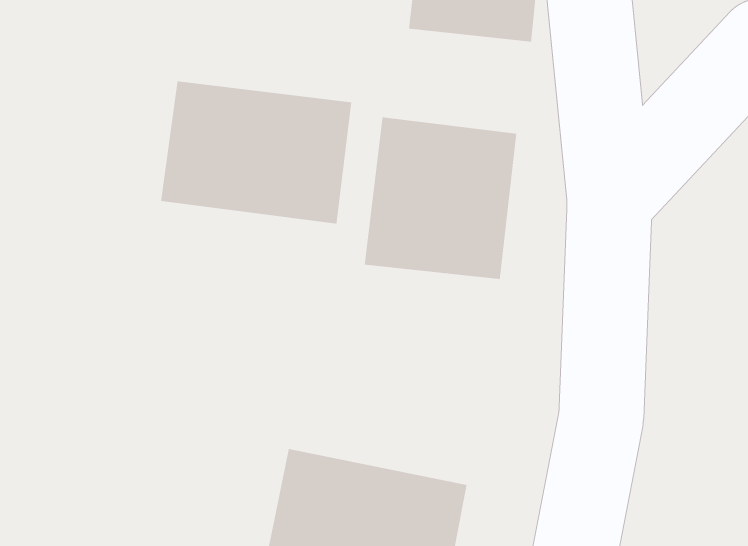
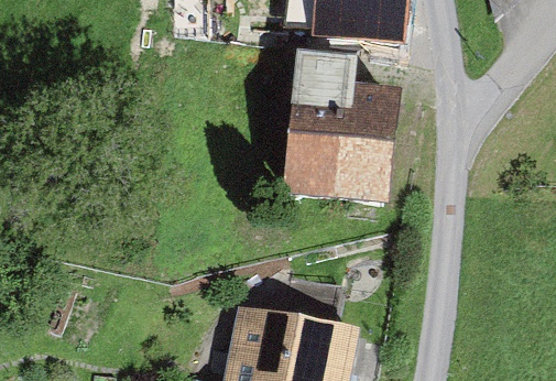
building: [160,81,352,225] -> none

